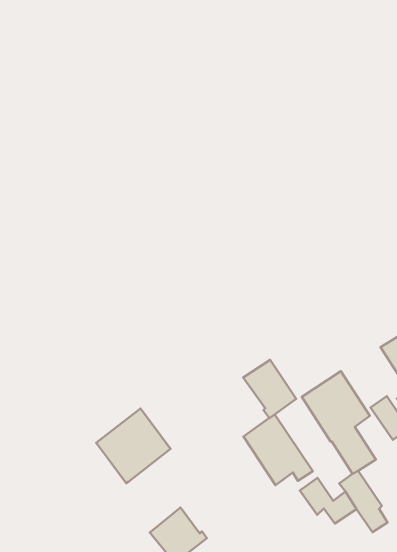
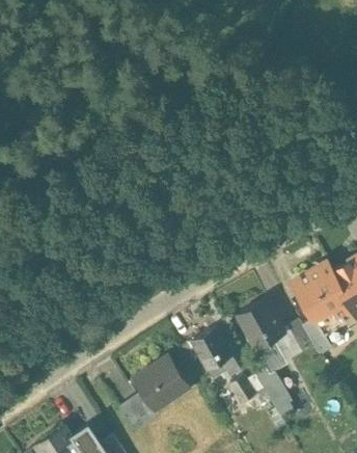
building: [243,360,296,418] -> none
building: [96,408,170,483] -> [134,355,188,409]

